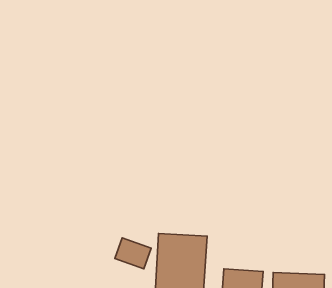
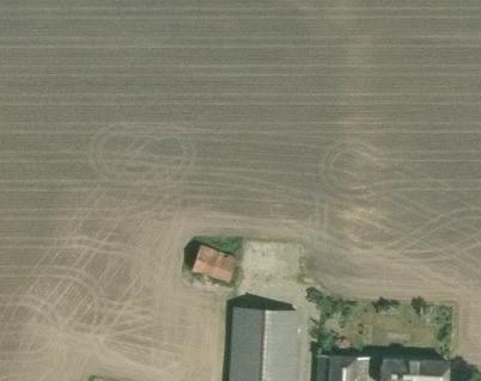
building: [115,238,151,269] -> [190,245,237,284]

